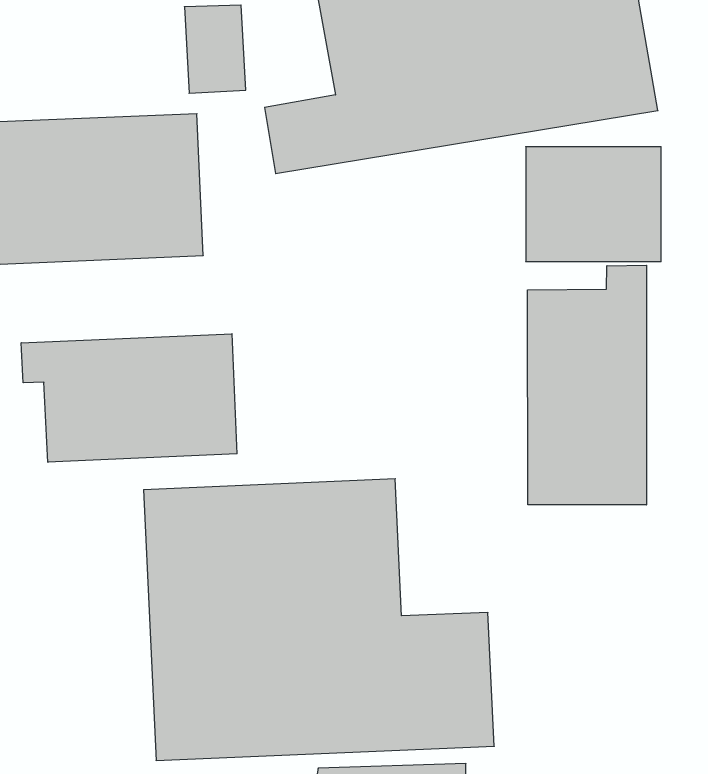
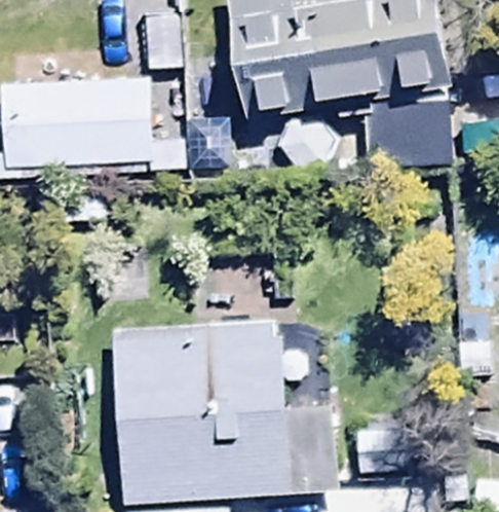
building: [528,265,646,505] -> none
building: [21,334,237,462] -> none

